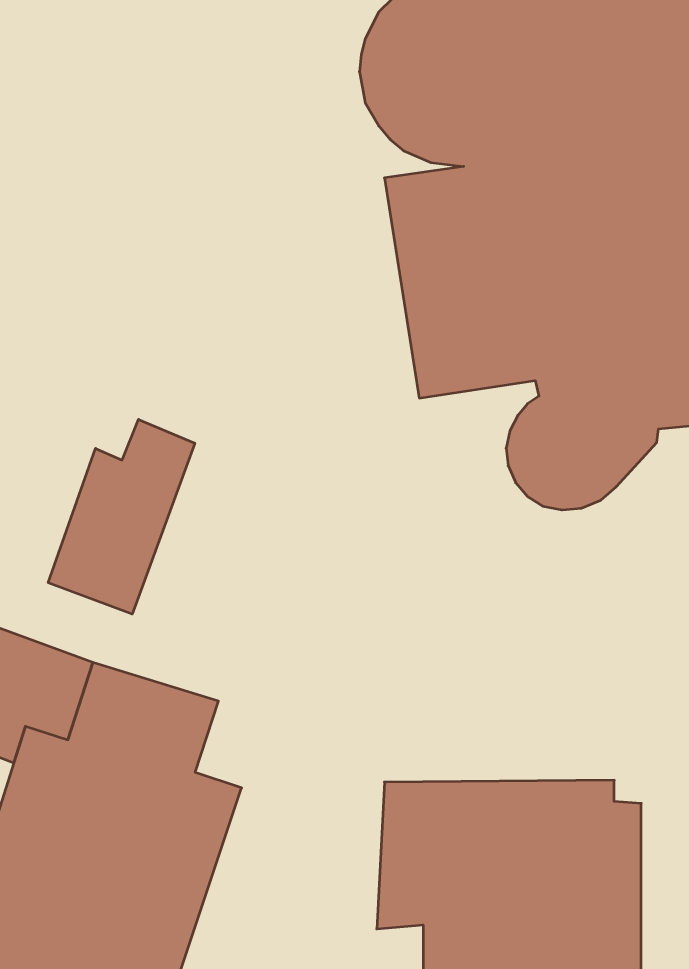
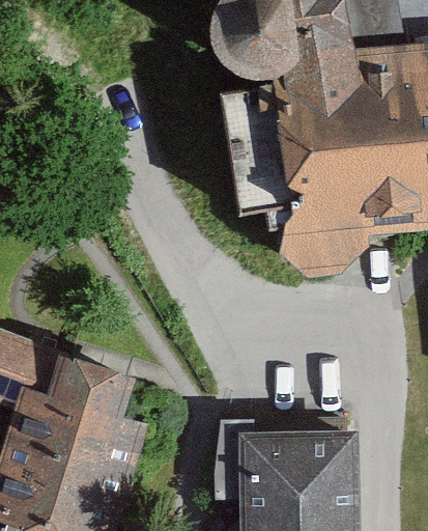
building: [48,419,195,614] -> none

